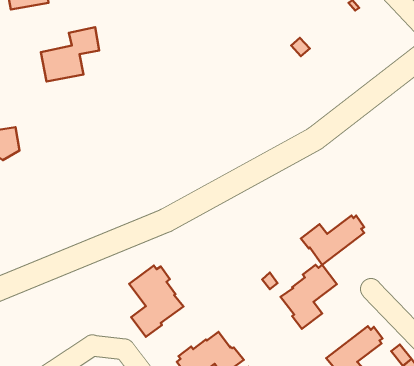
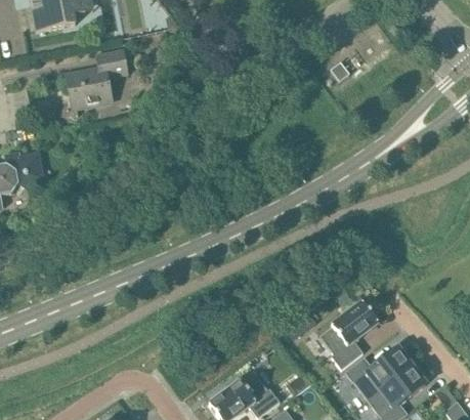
building: [301,215,364,265] -> [344,347,411,400]
building: [129,266,183,337] -> none

